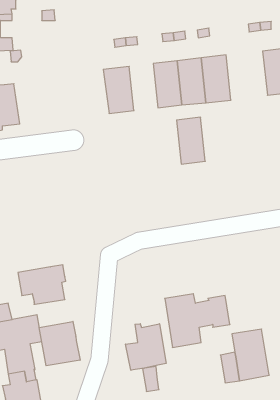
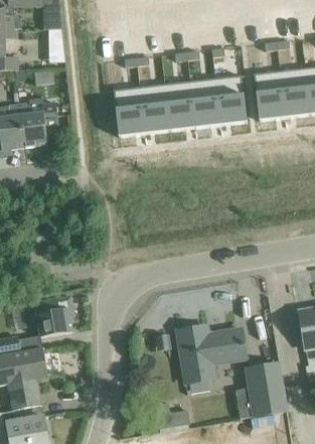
building: none -> [254,71,285,121]
building: none -> [19,98,58,150]
building: [177,117,205,164] -> [140,85,170,134]
building: [39,321,80,366] -> none
building: [126,324,166,370] -> none

